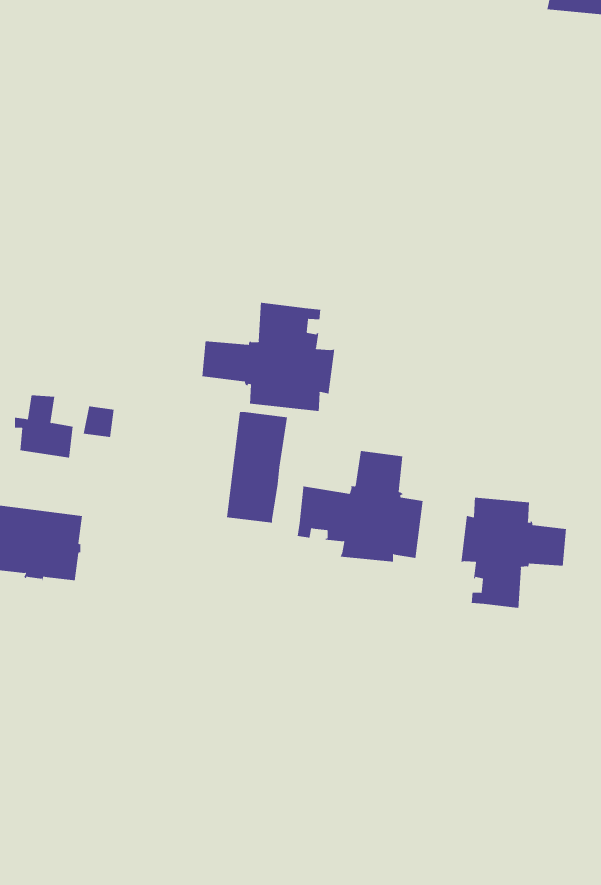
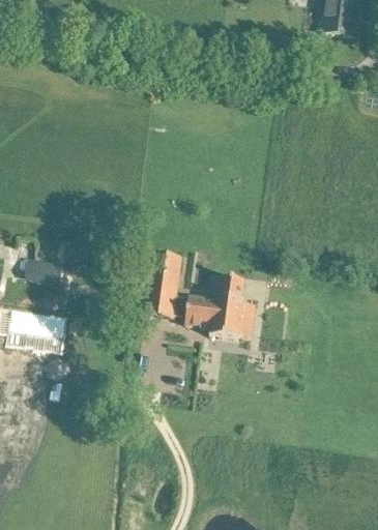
building: [202,302,335,412] -> none
building: [461,497,567,609] -> none

